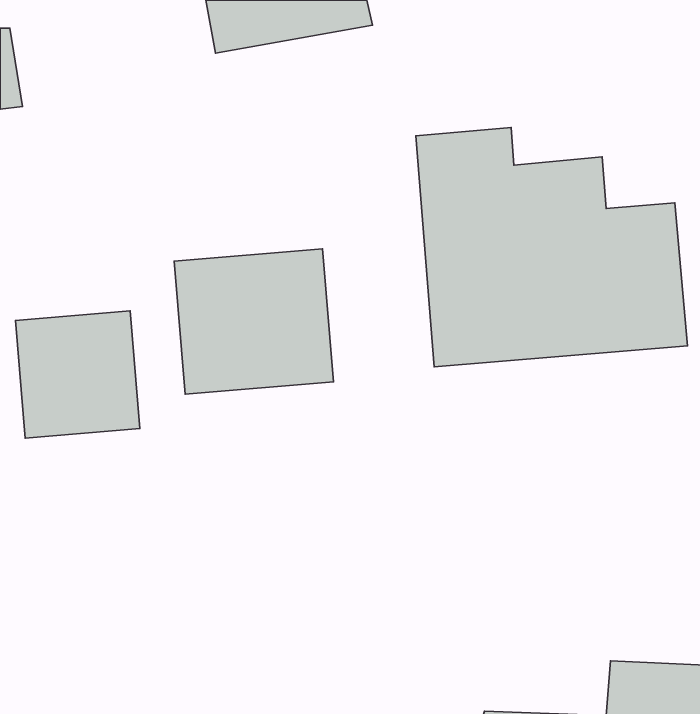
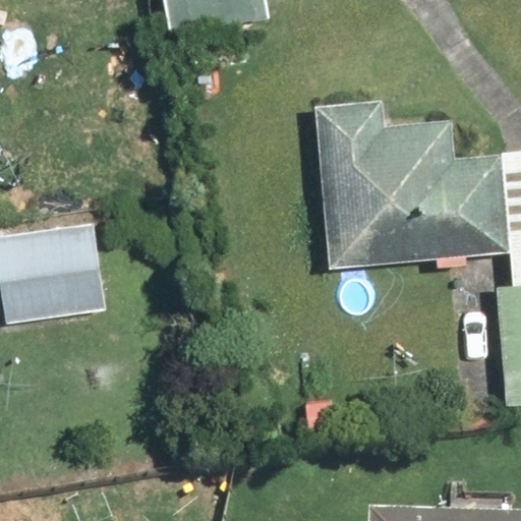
building: [174,249,333,394] -> none

